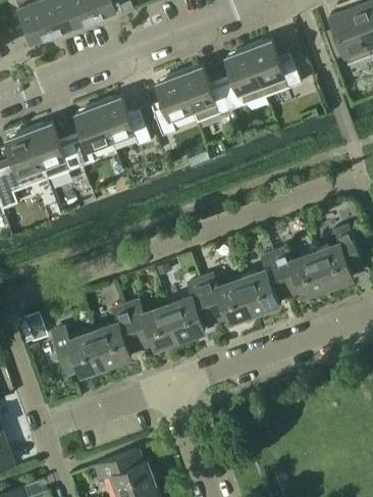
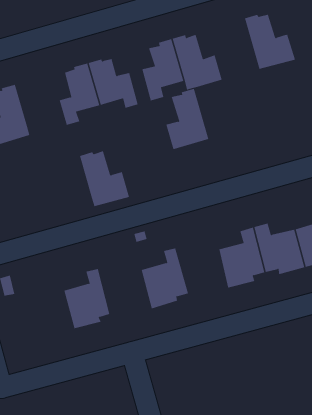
building: [222,48,266,110] -> [166,88,209,150]
building: [29,123,82,180] -> [79,150,130,207]
building: [199,274,253,322] -> none
building: [124,300,179,349] -> none
building: [51,327,105,376] -> none

